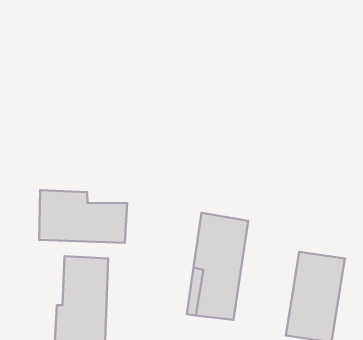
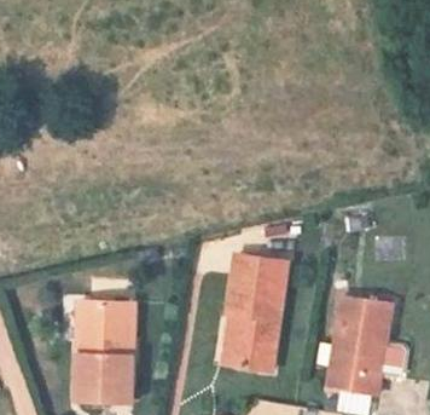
building: [39,190,127,243] -> none

